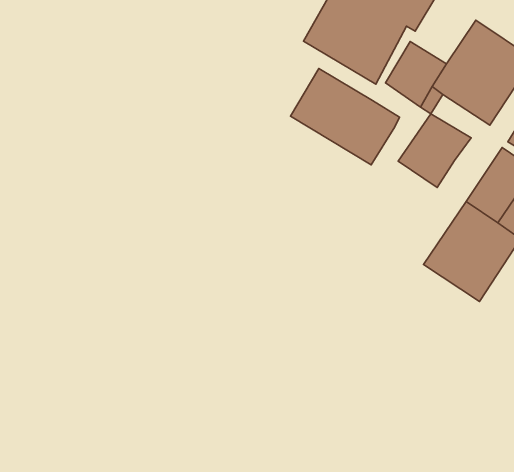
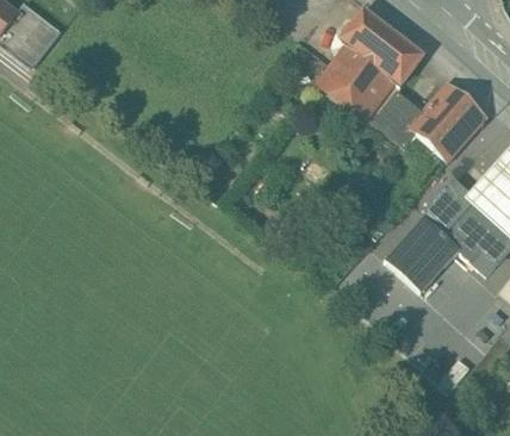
building: [290,68,399,165] -> none
building: [398,114,471,187] -> none

